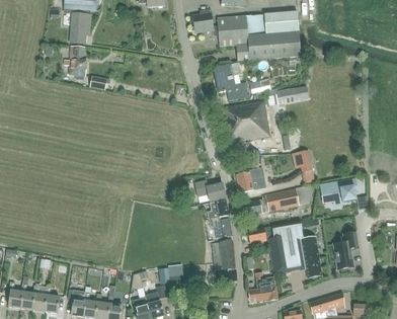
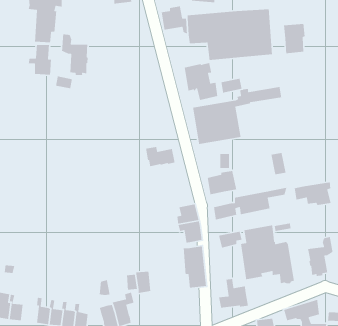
building: none -> [283,23,306,54]
building: none -> [61,33,89,76]
building: [195,181,225,202] -> [145,146,176,167]

